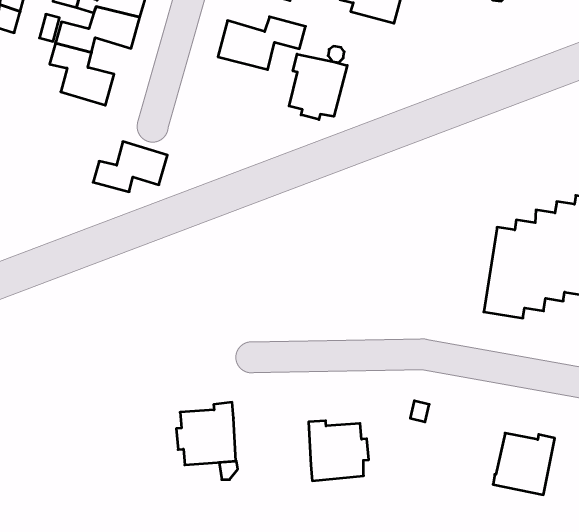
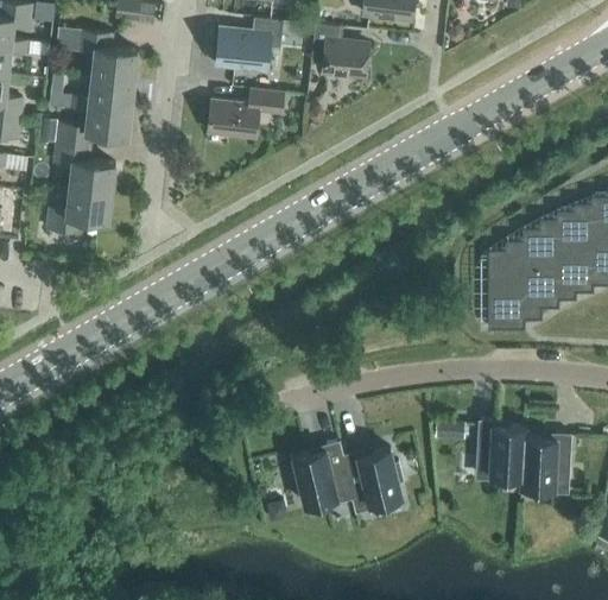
building: [289,54,347,120] -> none
building: [93,142,167,192] -> [48,187,112,232]
building: [176,402,236,465] -> [292,440,352,504]
building: none -> [476,419,526,475]

